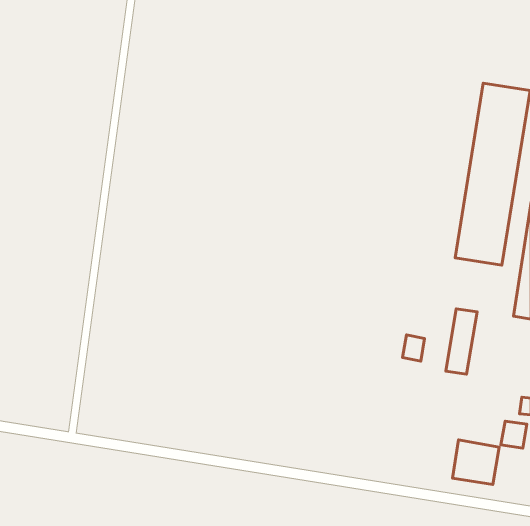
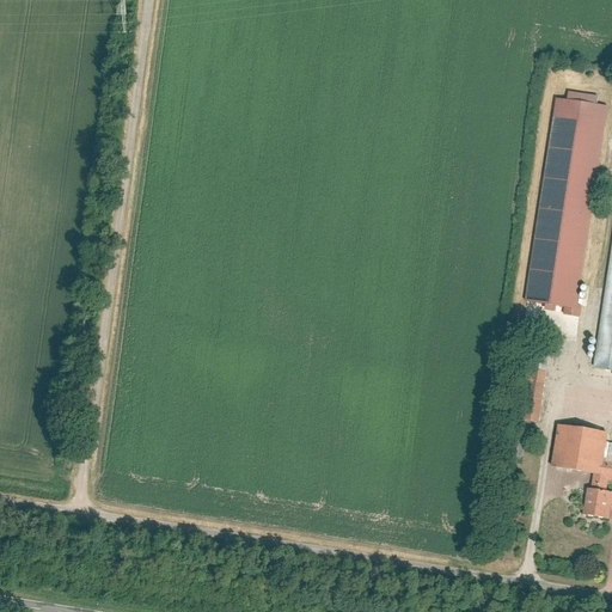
building: [403,335,425,361] -> none
building: [452,440,499,484] -> [550,422,604,473]

